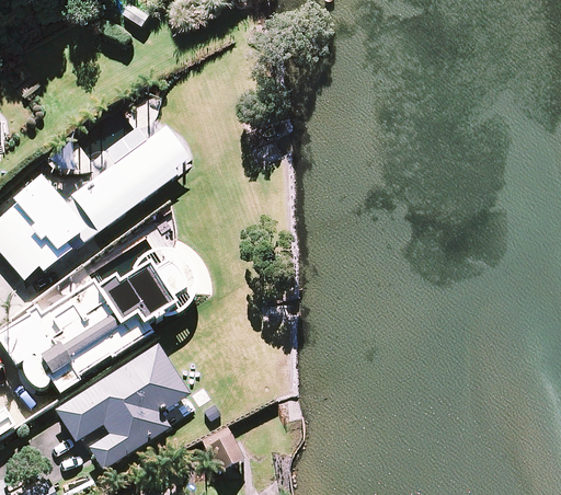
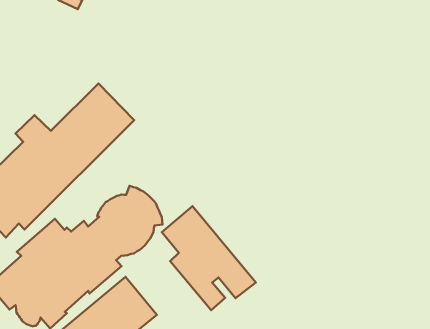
building: none -> [162,206,256,310]

